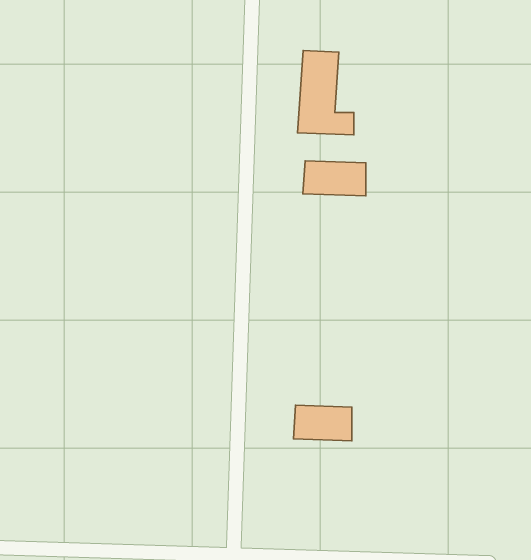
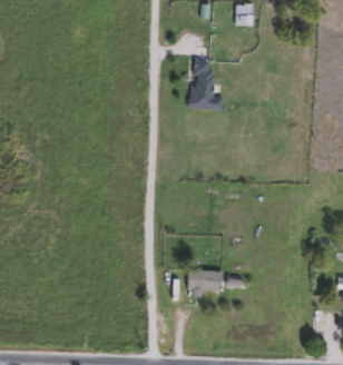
building: [303,161,366,196] -> none

